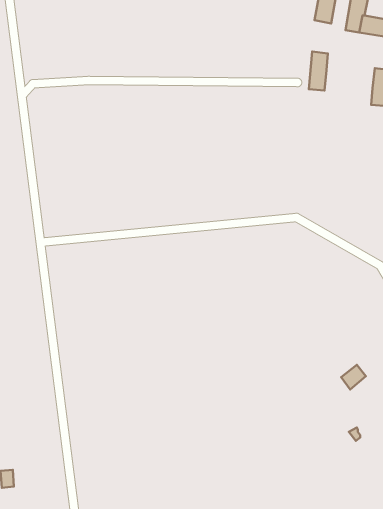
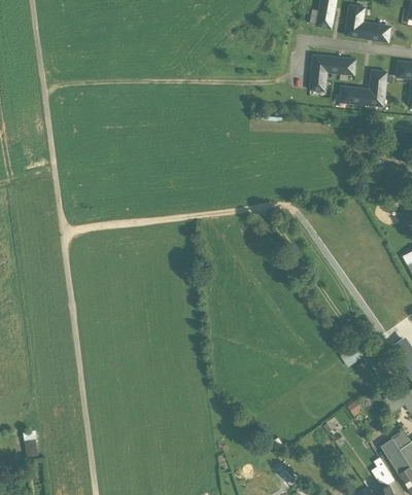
building: none -> [325,57,354,74]
building: none -> [339,86,368,104]

